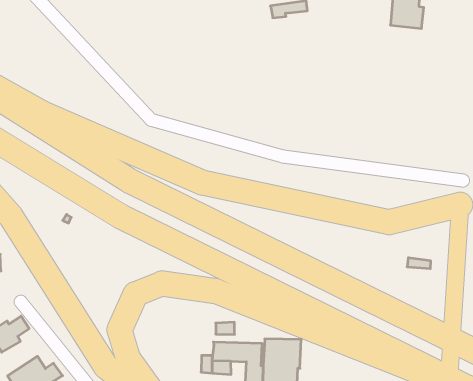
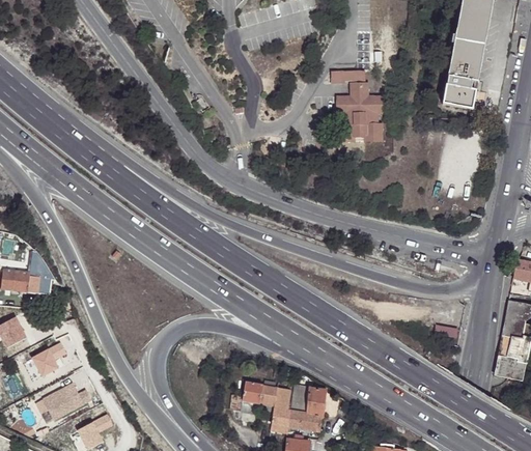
building: none -> [336,83,383,141]

